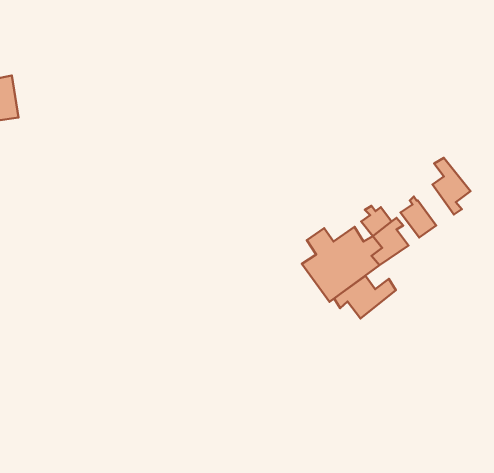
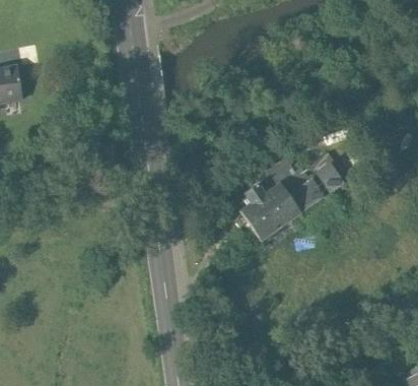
building: [432,158,471,214] -> none
building: [334,276,396,319] -> none

